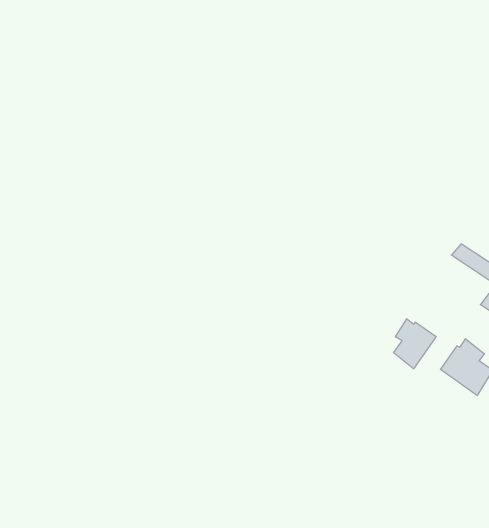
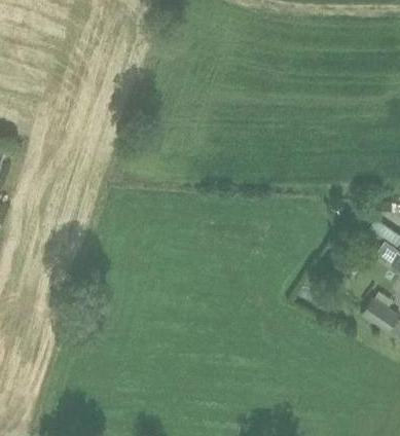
building: [394,319,436,369] -> none

